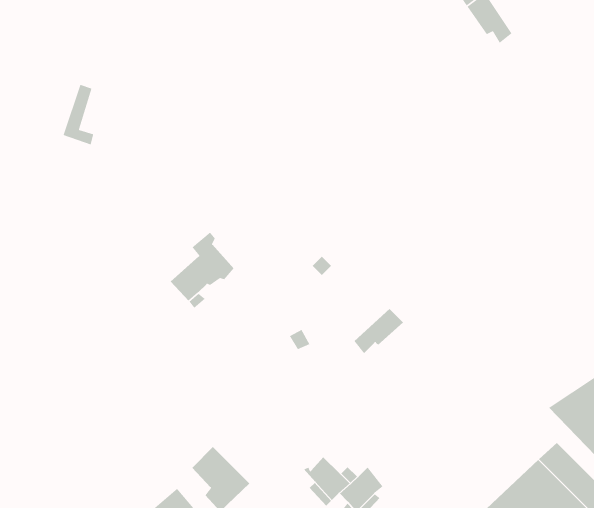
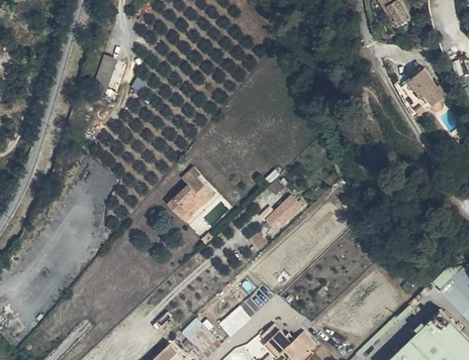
building: none -> [414,74,451,112]
building: [354,308,404,354] -> [266,196,301,228]
building: none -> [221,295,261,335]

